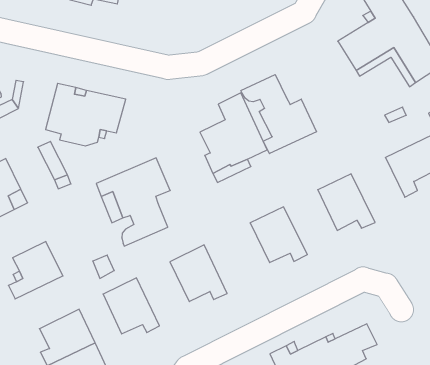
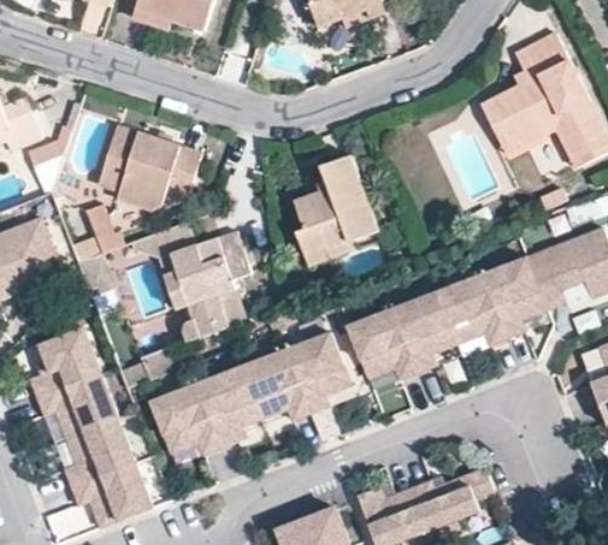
building: [241,75,317,154] -> none
building: none -> [482,256,548,338]
building: none -> [391,290,458,372]
building: none -> [285,331,350,413]
building: none -> [195,366,260,446]
building: none -> [37,372,118,437]

